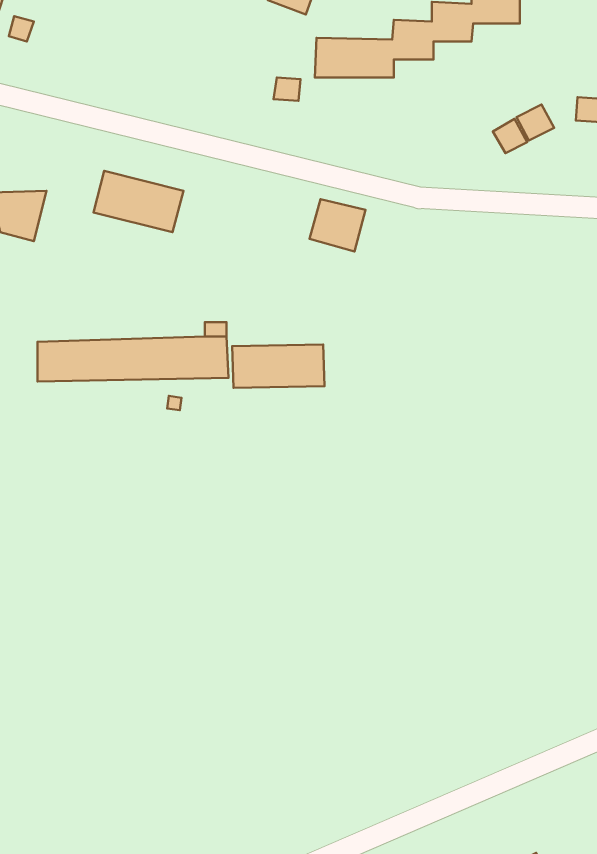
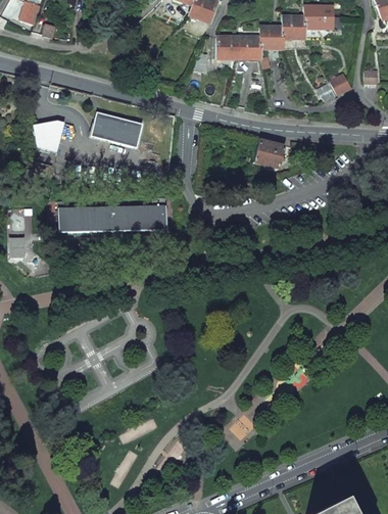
building: [310,199,365,251] -> [254,139,286,169]
building: [232,345,324,388] -> none

